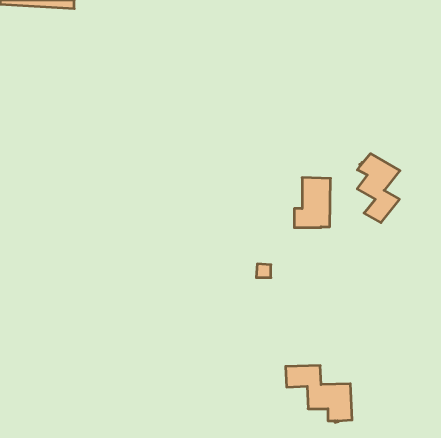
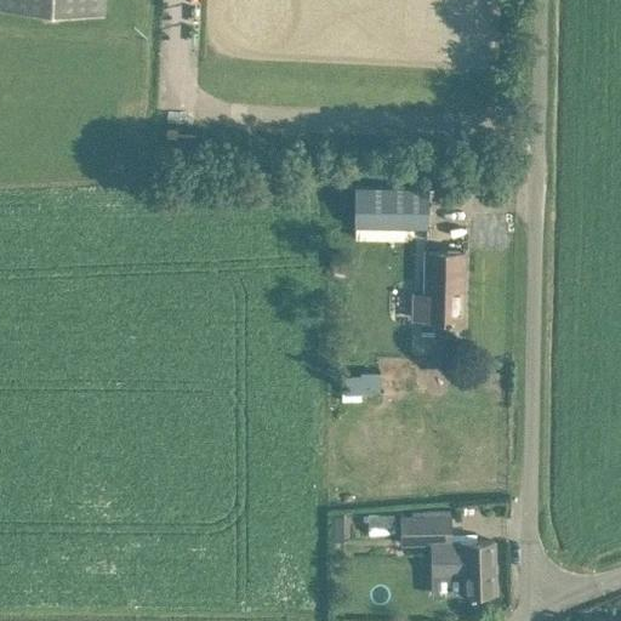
building: none -> [353,190,427,229]
building: [357,154,400,223] -> none

